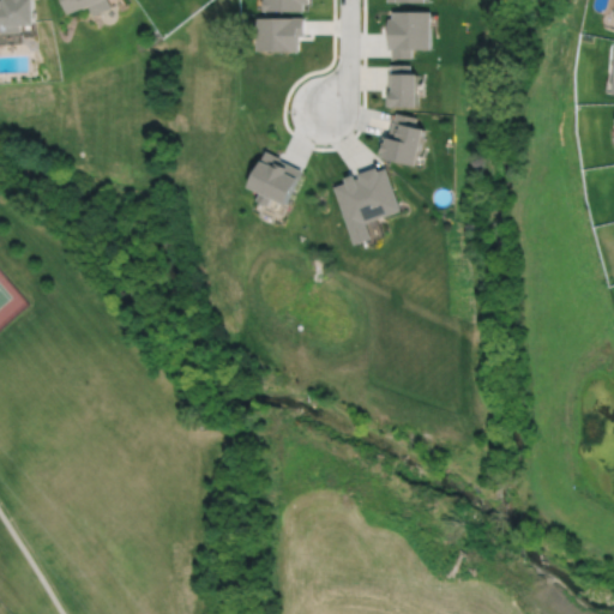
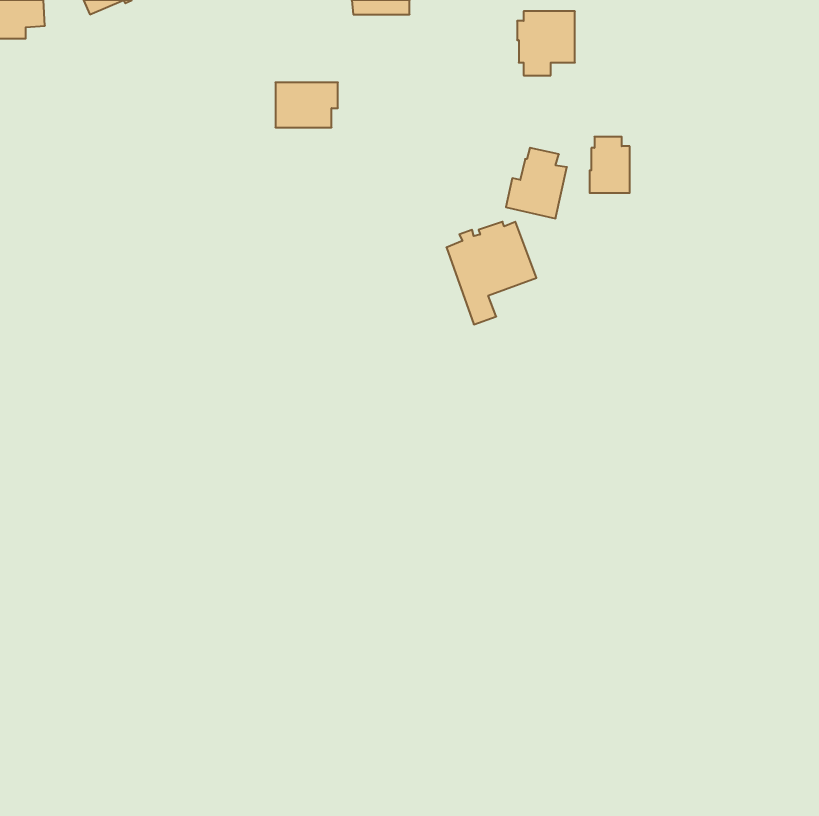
building: [255,18,302,52] -> [275,82,338,127]
building: [386,66,416,108] -> [590,137,630,193]
building: [246,152,301,207] -> none

